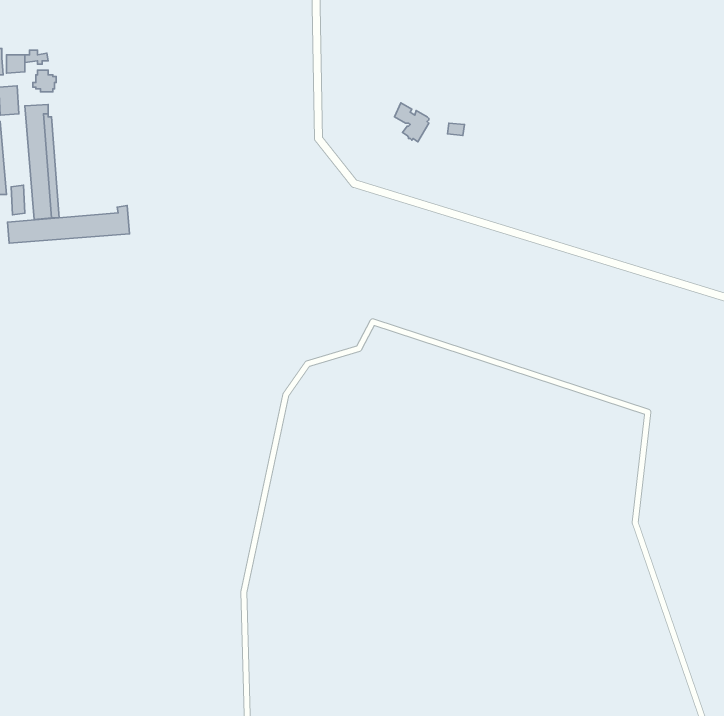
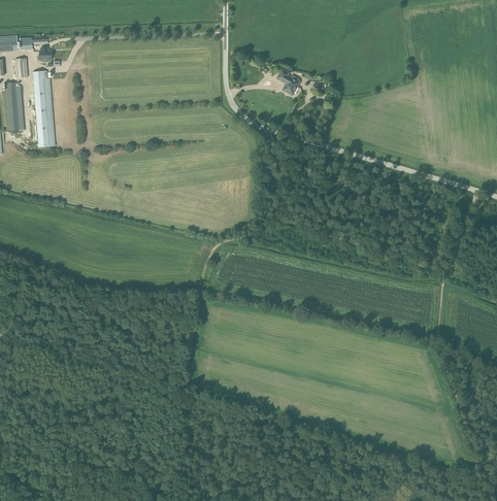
building: [8,205,130,243] -> none

